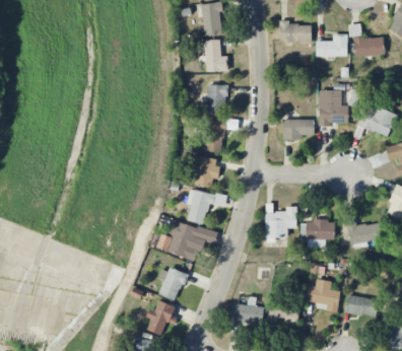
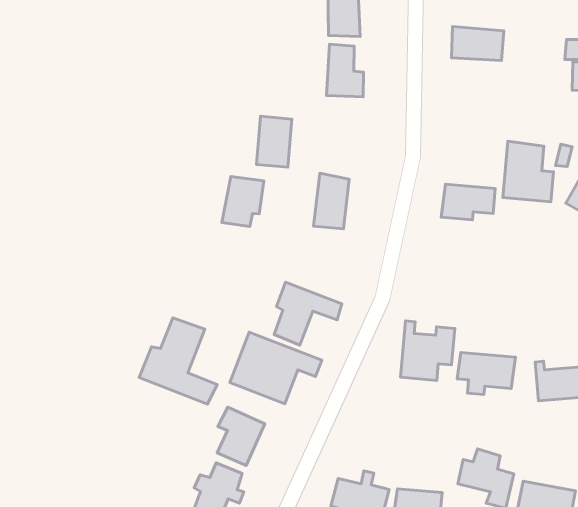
building: [316,34,347,58] -> none
building: [207,85,226,115] -> [256,116,292,167]
building: [195,157,218,187] -> [222,176,264,226]
building: none -> [139,318,217,404]

